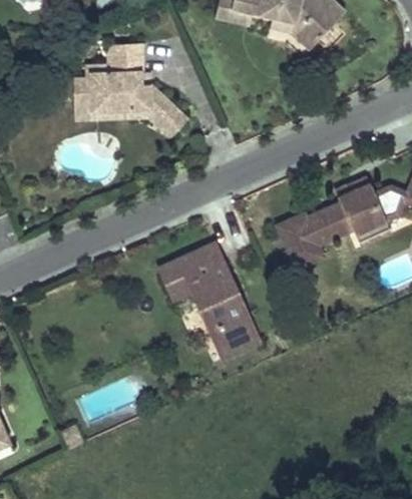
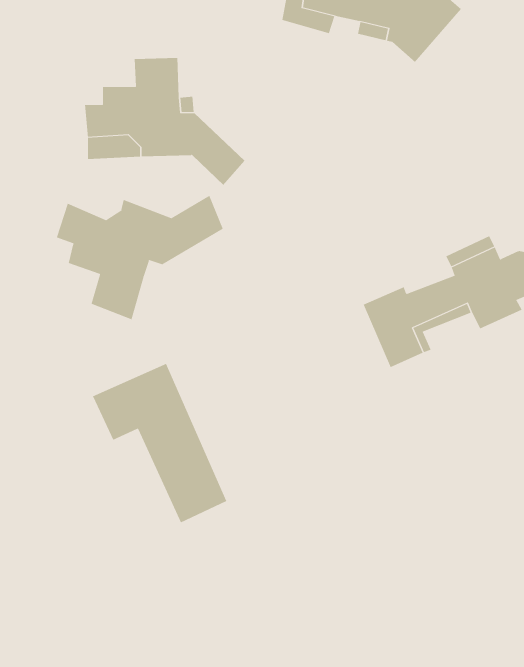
building: none -> [56,195,224,320]
building: [160,241,259,358] -> [92,363,227,523]

